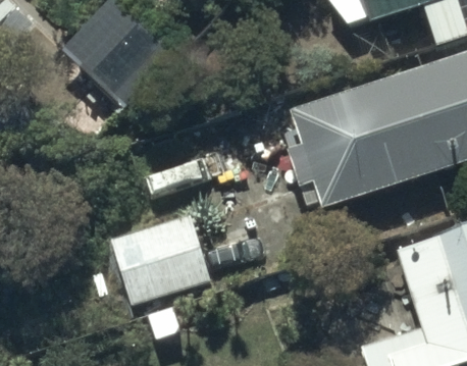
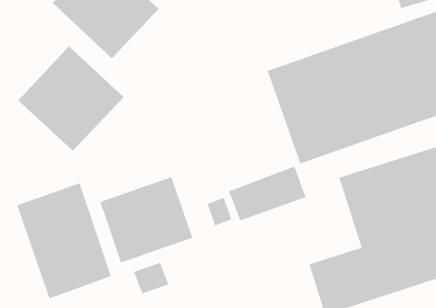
building: none -> [17,45,124,151]
building: none -> [16,182,111,299]

